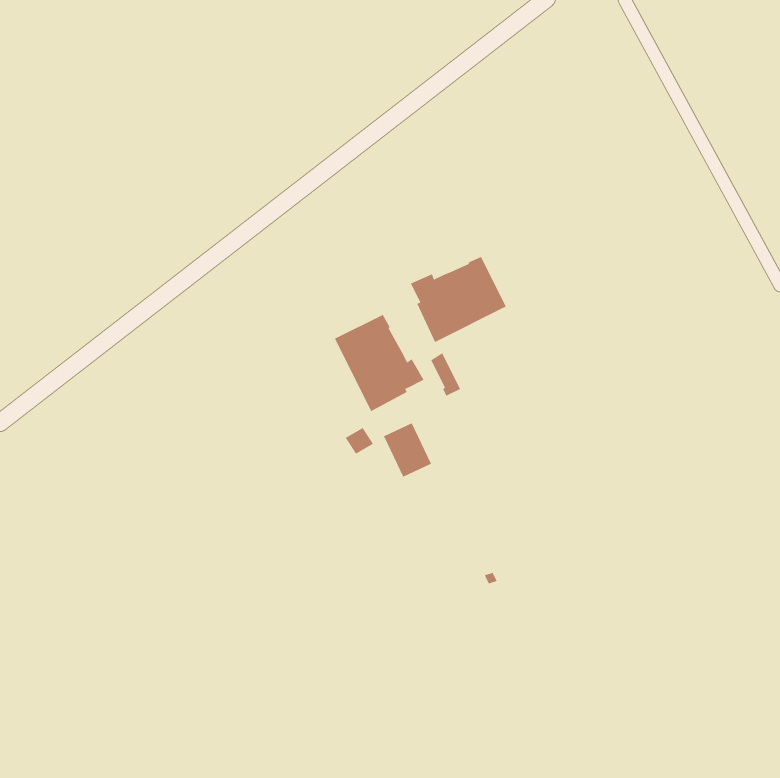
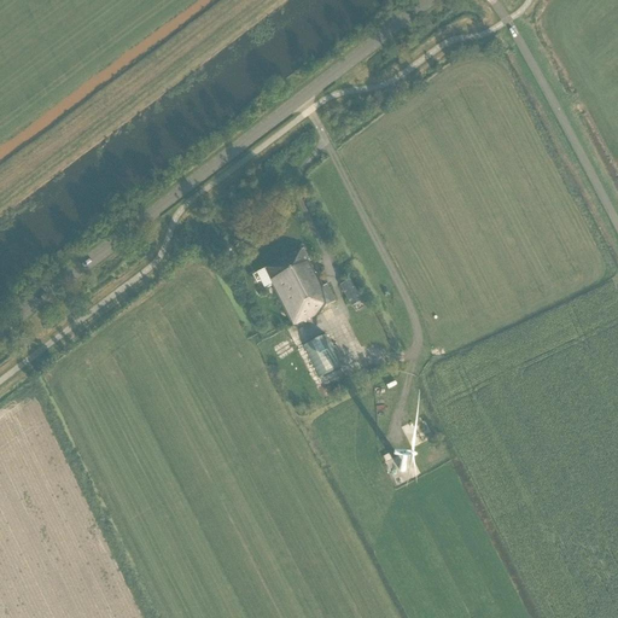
building: [410,256,506,343] -> none

